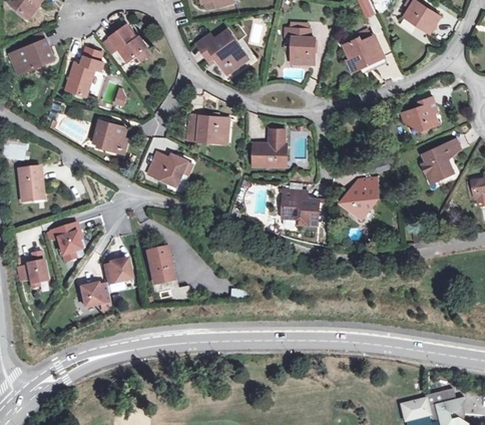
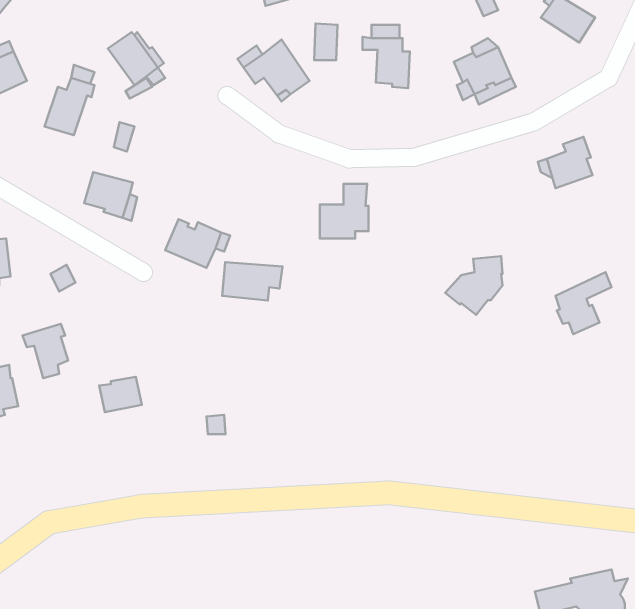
building: [186,115,227,141] -> [222,262,283,300]
building: [422,137,460,179] -> [555,272,611,334]
building: [281,190,316,224] -> none
building: [145,248,171,284] -> none
building: [80,284,109,307] -> none

